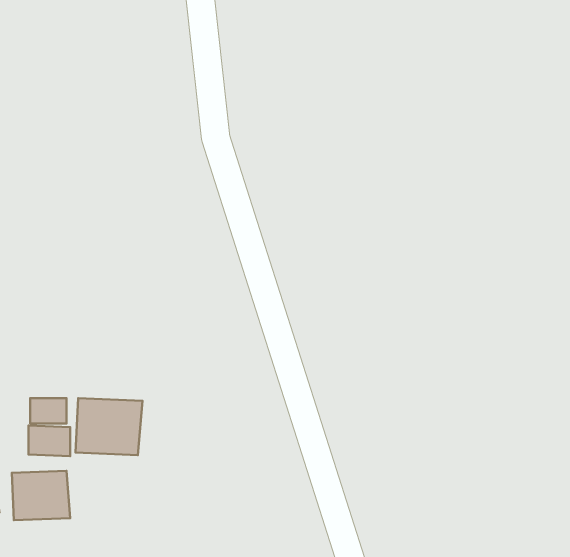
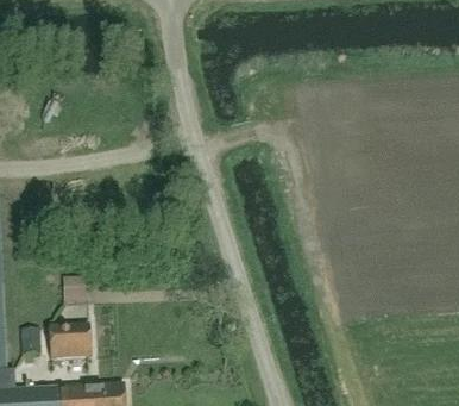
building: [76,398,143,455] -> none

